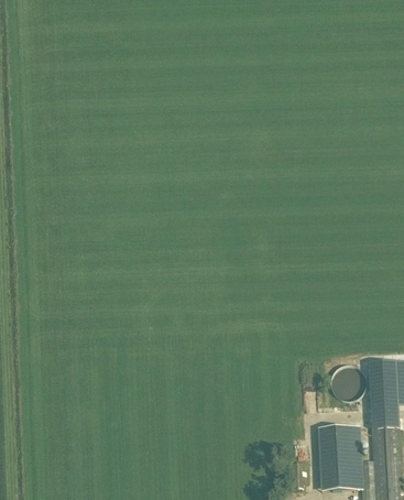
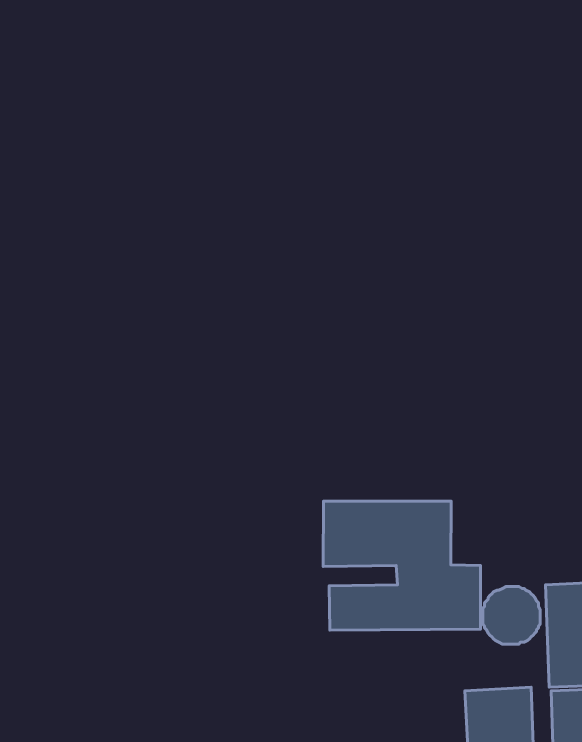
building: none -> [323,501,481,630]

